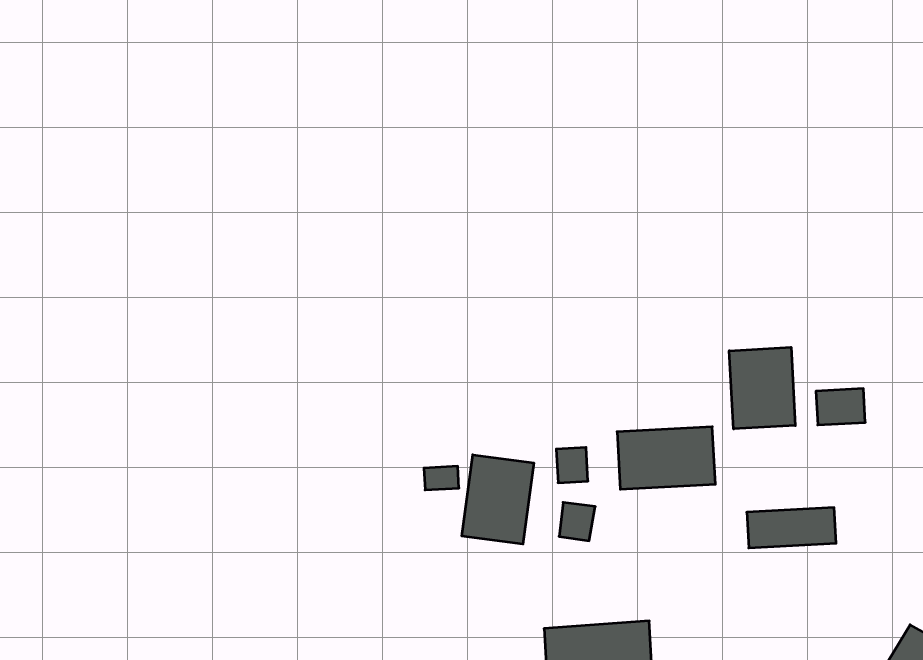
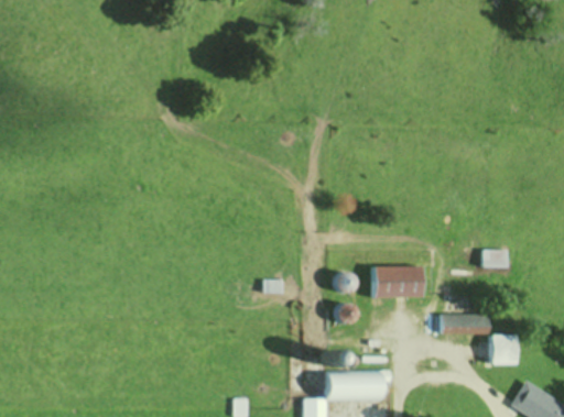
building: [729,347,795,429] -> none
building: [462,455,534,544] -> none
building: none -> [491,336,518,365]

